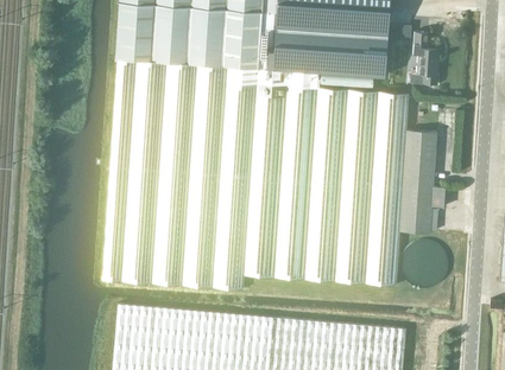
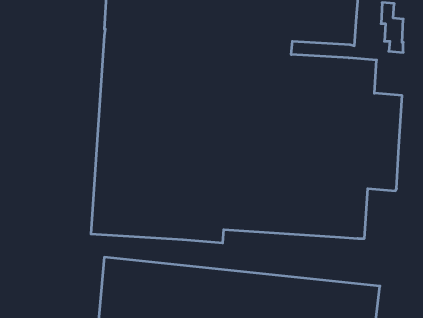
building: [400,240,447,286] -> none

